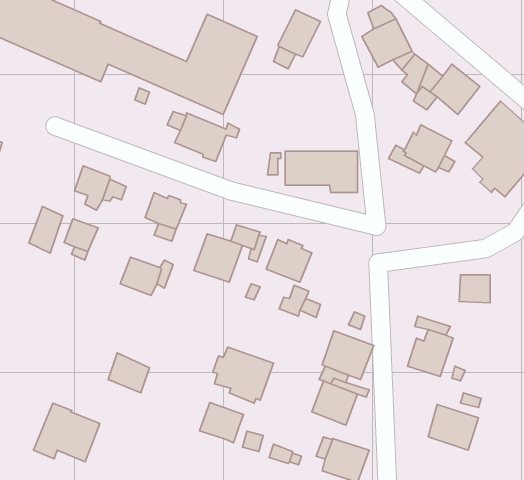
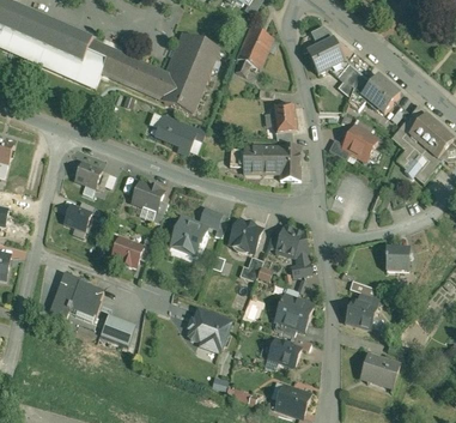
building: none -> [272,104,297,133]
building: [29,206,63,253] -> none
building: none -> [278,225,314,273]
building: [199,402,244,443] -> none
building: [34,403,100,462] -> [49,268,103,316]

